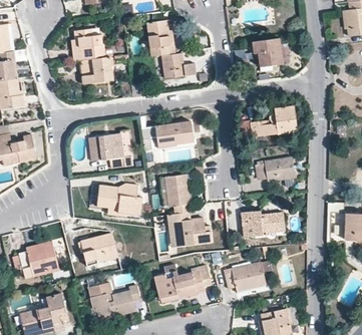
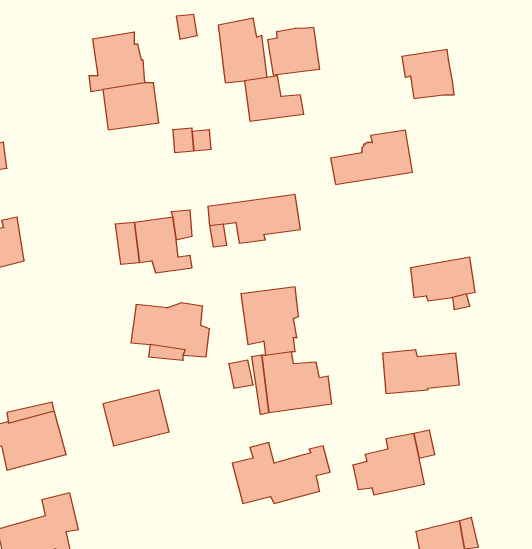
building: none -> [268,27,320,75]
building: [250,105,297,136] -> [330,130,412,184]
building: [87,282,140,320] -> none

